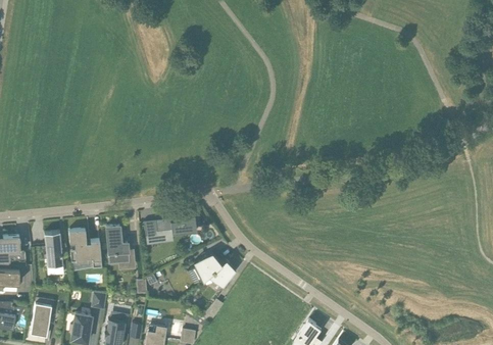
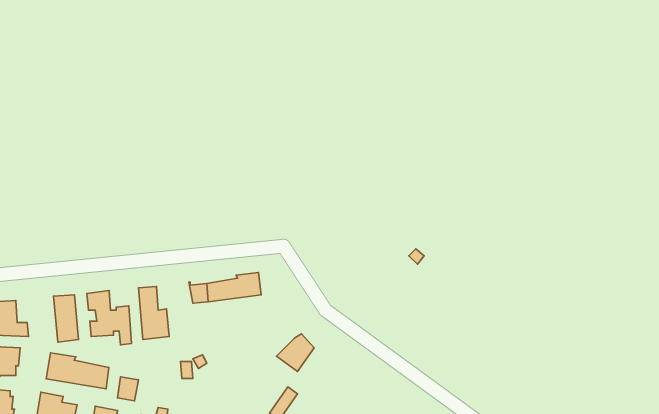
building: [193,253,220,281] -> none
building: none -> [46,353,109,389]

